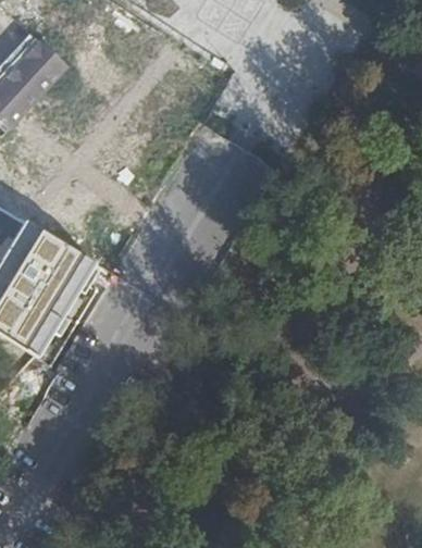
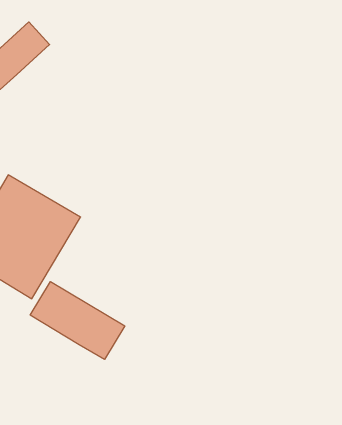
building: none -> [30,282,125,359]

